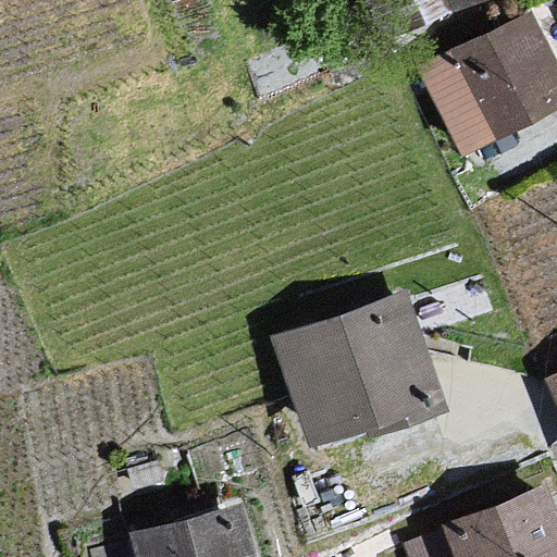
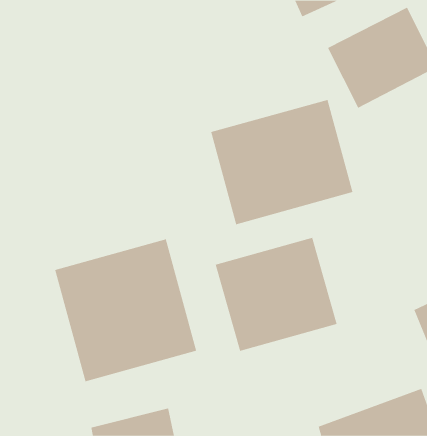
building: none -> [211,99,353,225]
building: none -> [54,239,197,382]

